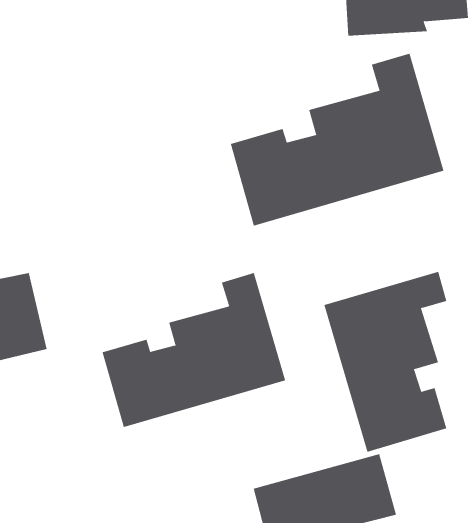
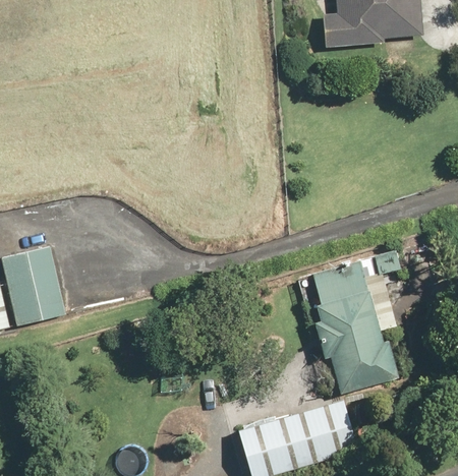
building: [230,53,444,227] -> none
building: [102,272,286,428] -> none

